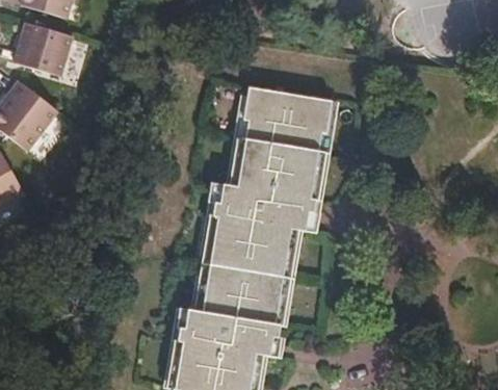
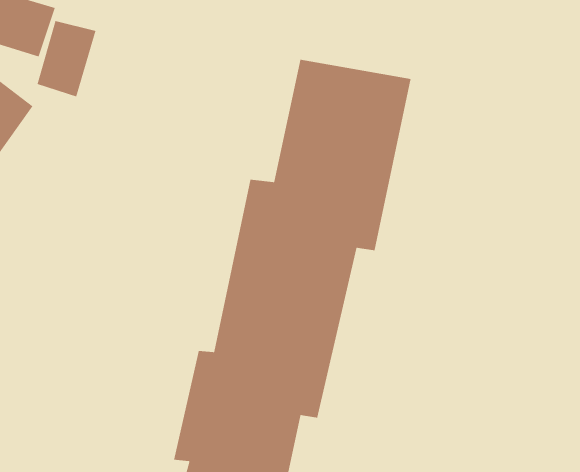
building: none -> [36,20,97,97]

